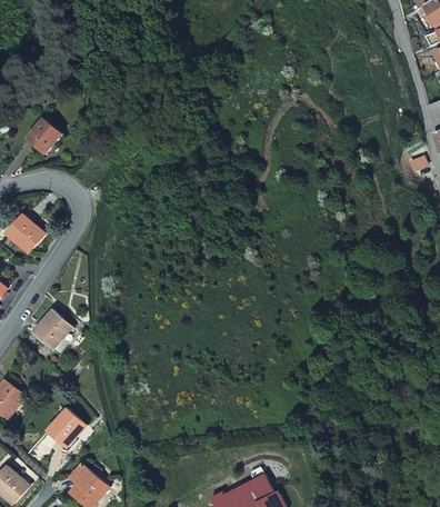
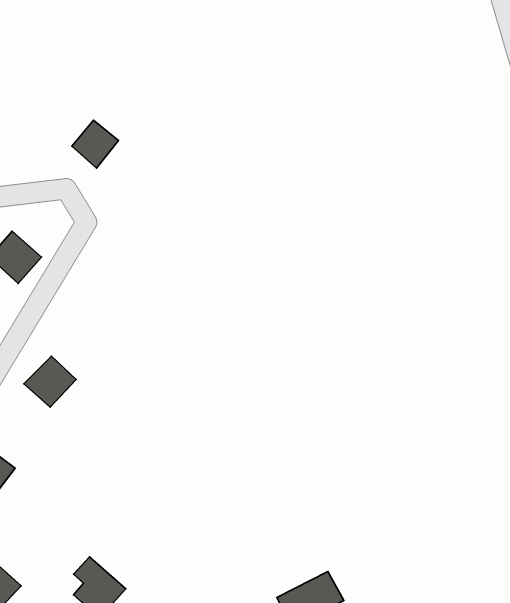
building: [26,118,61,155] -> [72,120,118,168]
building: [46,407,86,447] -> none

